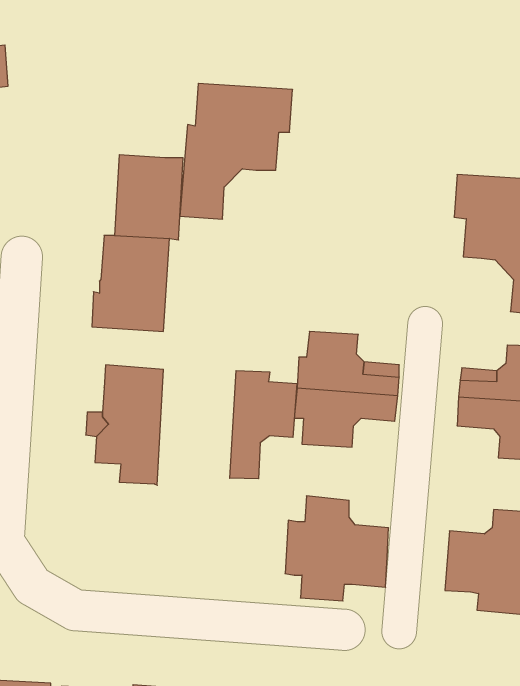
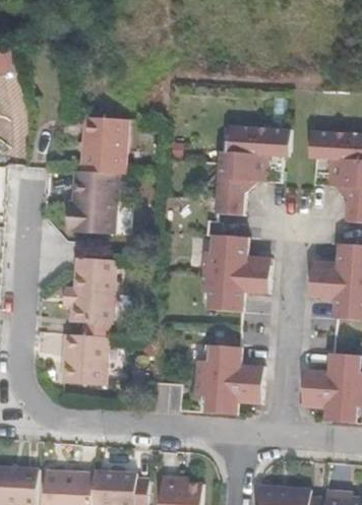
building: [180,83,293,219] -> [217,125,292,215]
building: [230,371,297,479] -> none
building: none -> [62,334,108,386]

